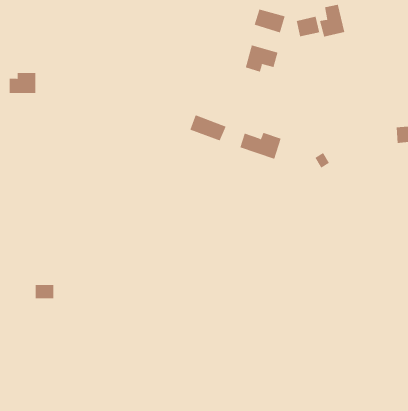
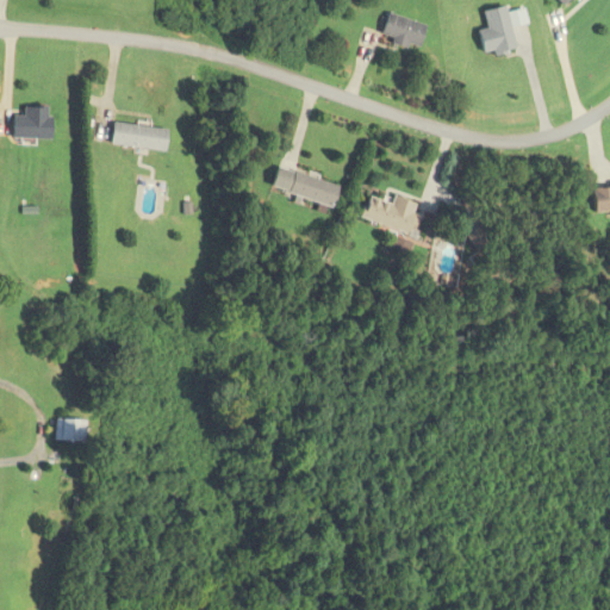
building: [296,16,320,37] -> none
building: [245,45,278,73] -> none
building: none -> [111,122,169,151]

